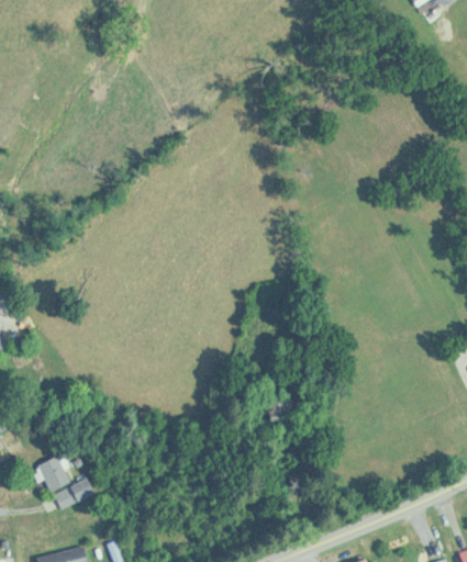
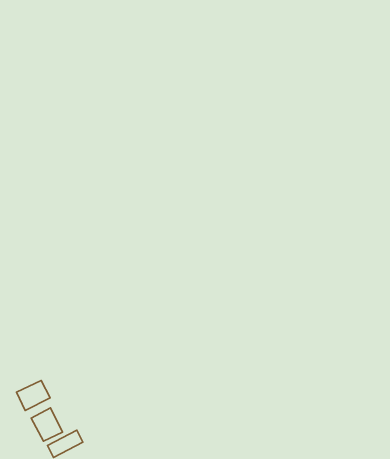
building: none -> [17,380,50,410]

